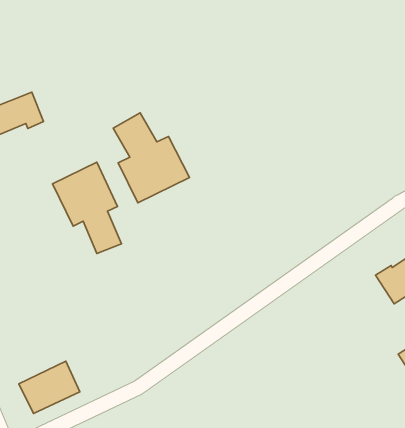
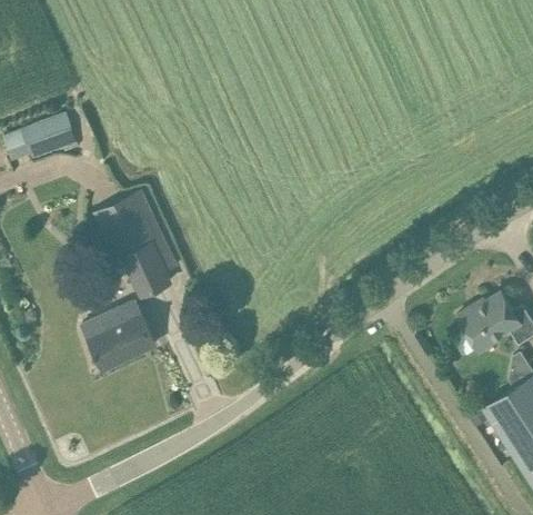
building: [113,113,190,203] -> none
building: [19,361,80,413] -> [87,310,155,369]

